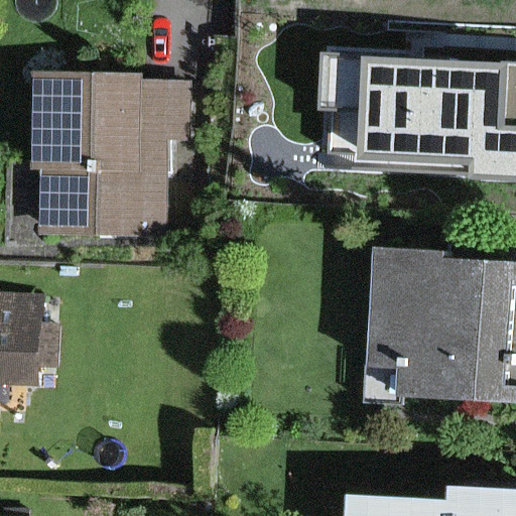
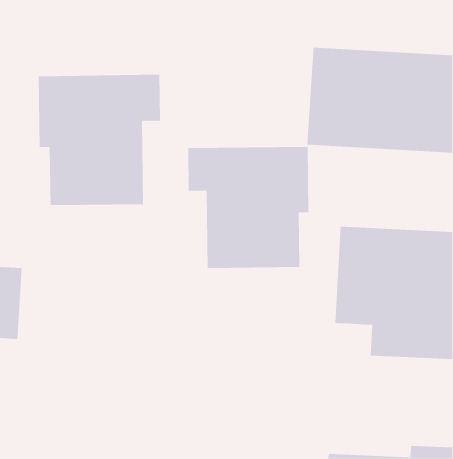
building: none -> [188,146,309,269]

